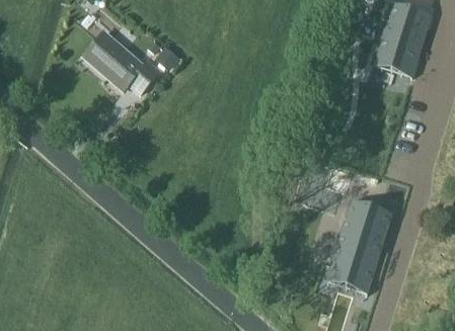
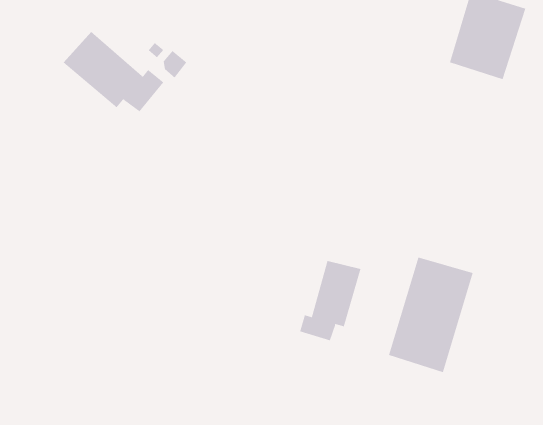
building: none -> [299,260,361,341]

